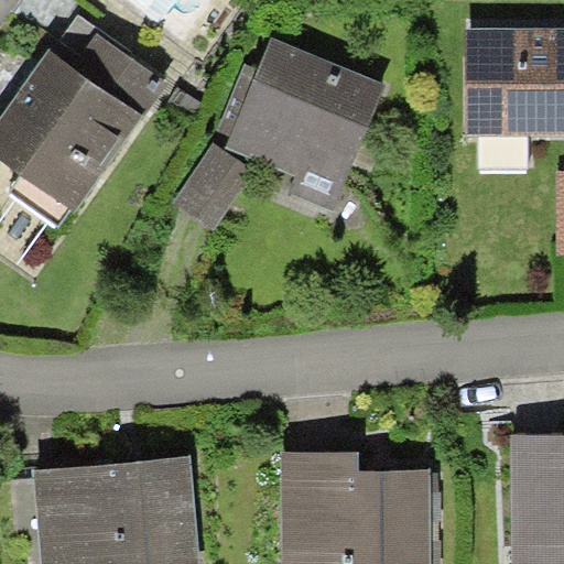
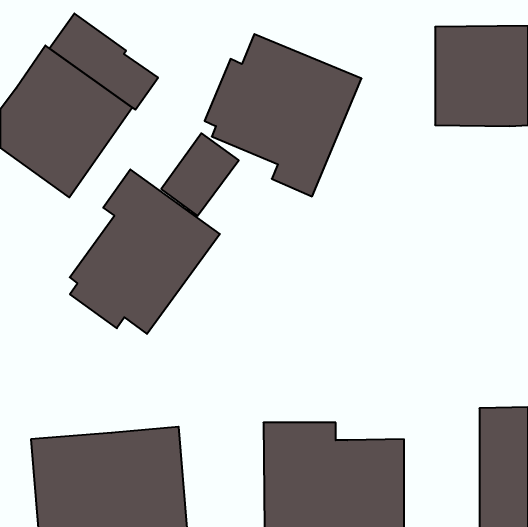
building: none -> [70,169,220,334]

